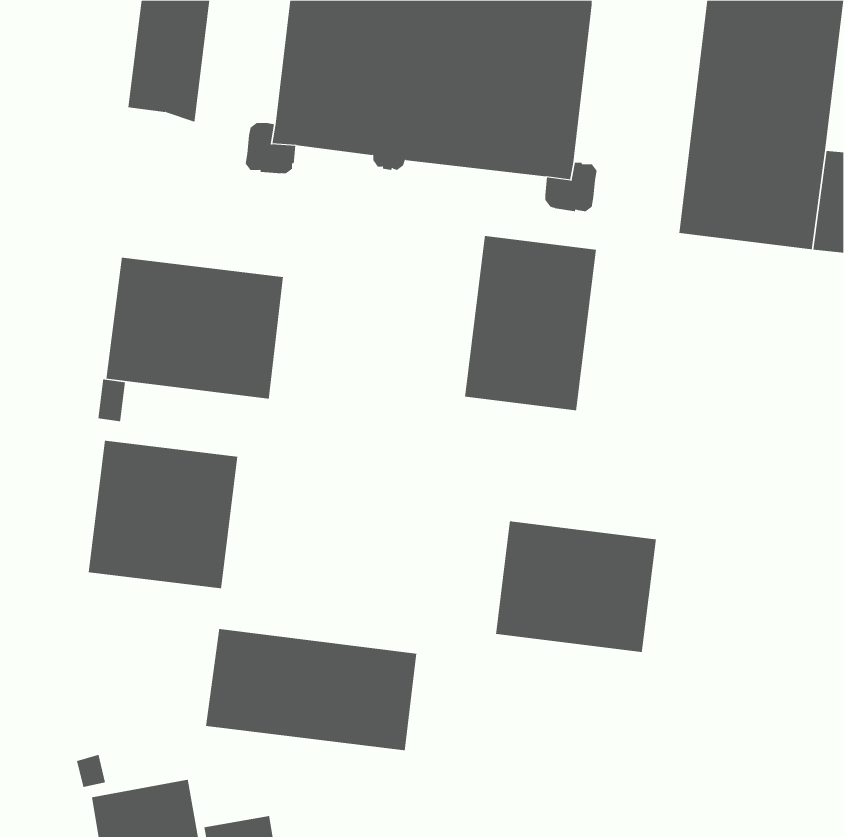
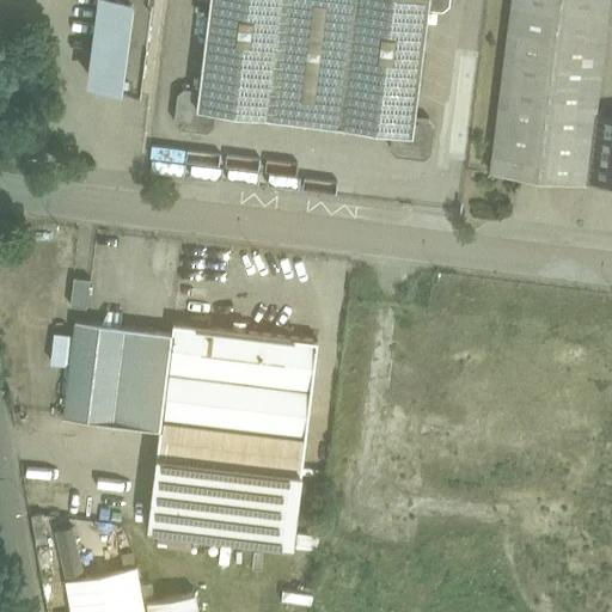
building: [465,235,597,411] -> none
building: [106,257,284,399] -> none
building: none -> [157,326,318,478]
building: [496,520,656,653] -> none

